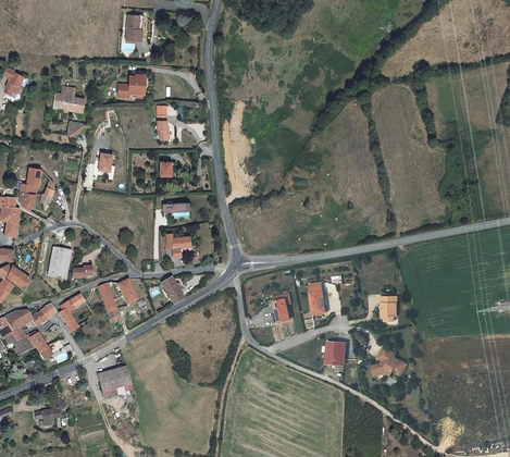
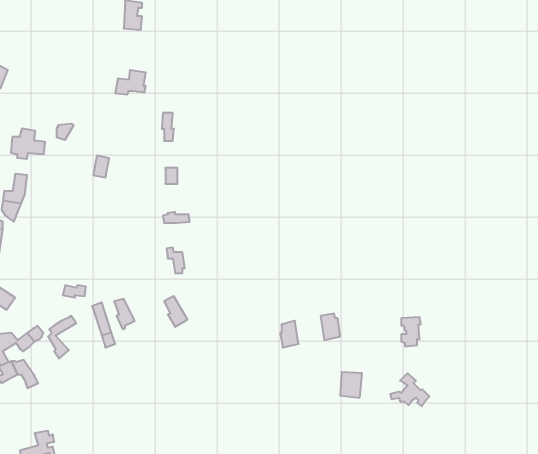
building: [53,86,84,113] -> [11,128,45,159]
building: [49,245,73,277] -> none
building: [97,366,130,394] -> none

